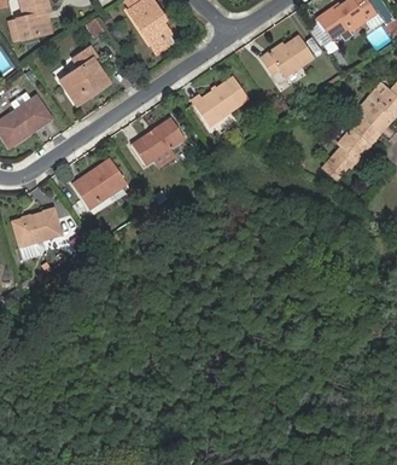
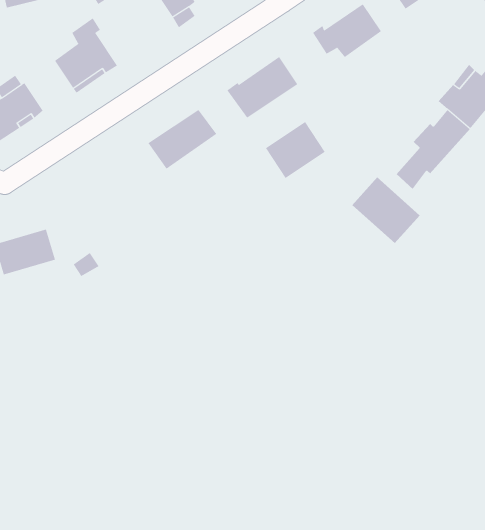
building: none -> [265,121,326,179]
building: [72,158,125,209] -> none
building: none -> [351,177,420,244]

